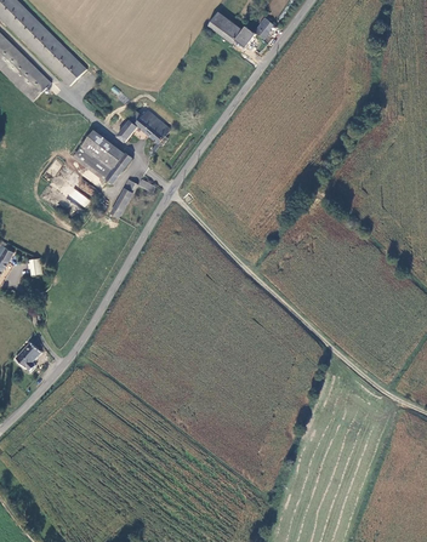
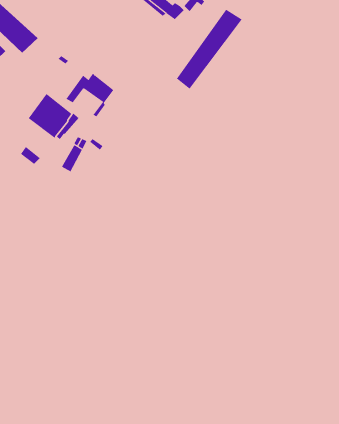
building: none -> [176,9,242,89]

